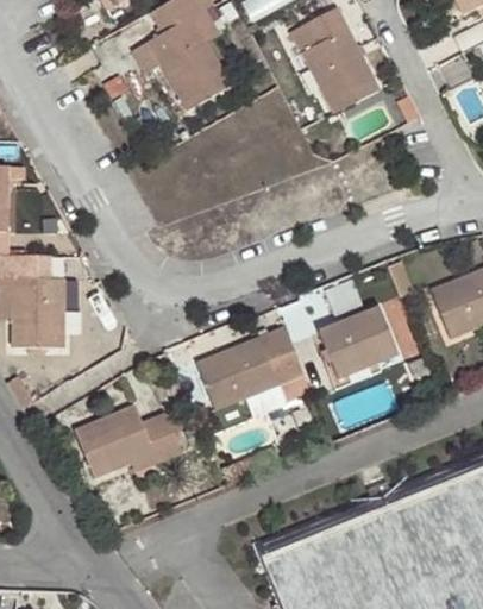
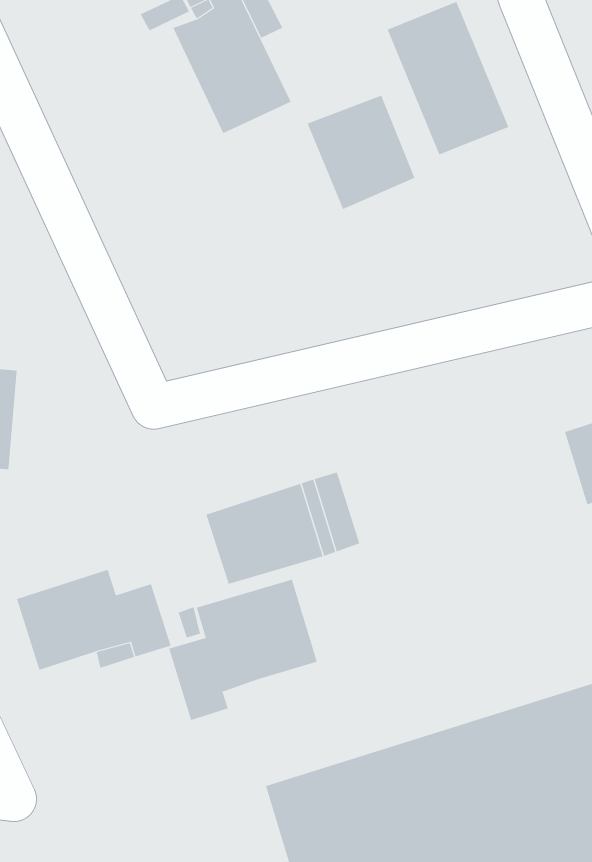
building: none -> [307,95,415,210]
building: [320,308,397,378] -> none
building: none -> [169,579,318,721]

